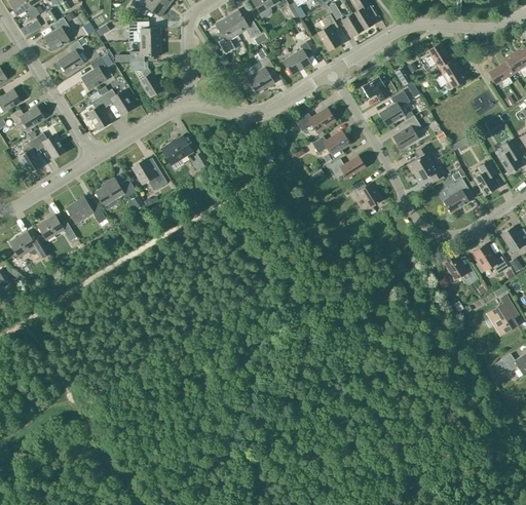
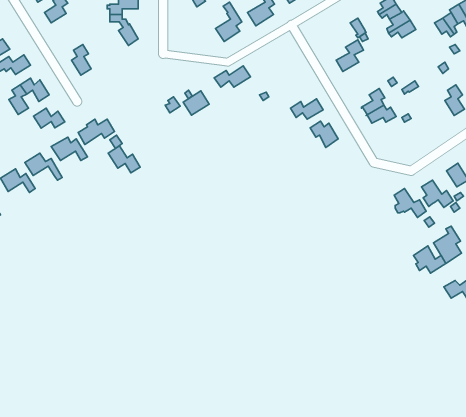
building: [81,57,107,89] -> none
building: [363,76,396,100] -> none
building: [101,89,133,114] -> none
building: [295,108,335,131] -> [214,66,251,87]
building: [392,115,420,149] -> none
building: [311,131,349,159] -> none
building: [162,137,191,163] -> [183,91,209,115]
building: [132,159,166,189] -> [108,146,140,173]
building: [474,160,496,195] -> none
building: none -> [34,108,65,128]
building: [443,179,472,212] -> none
building: none -> [414,246,446,273]

